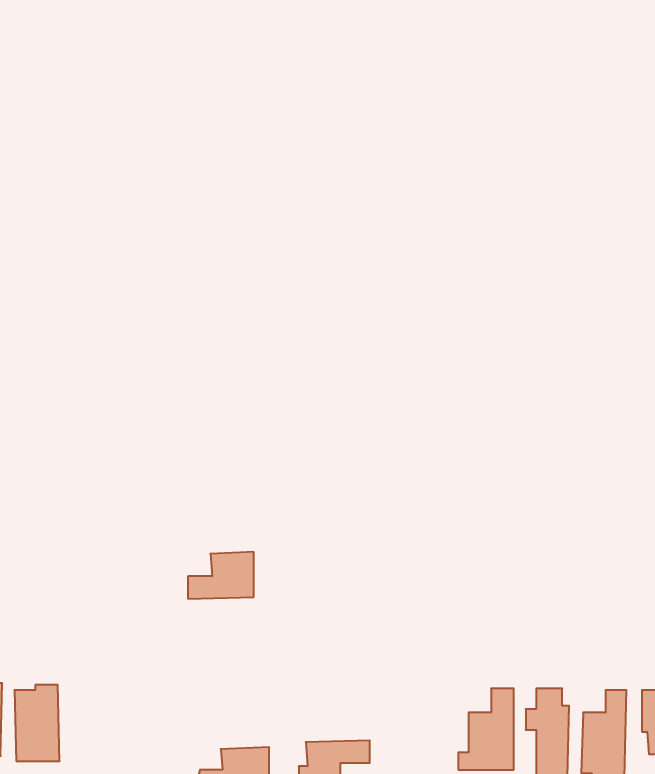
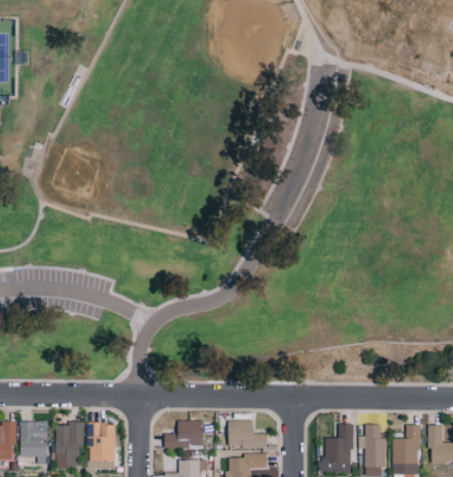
building: [188,552,254,599] -> [165,420,204,448]
building: none -> [229,420,268,448]
building: none -> [88,422,116,469]

